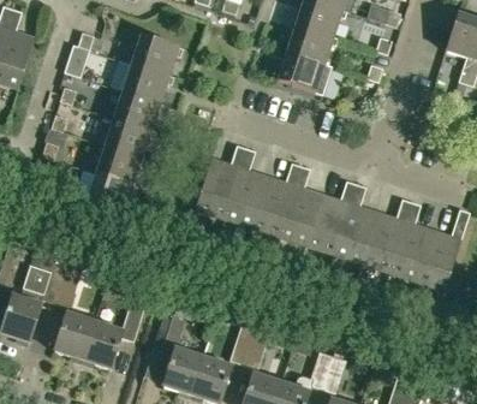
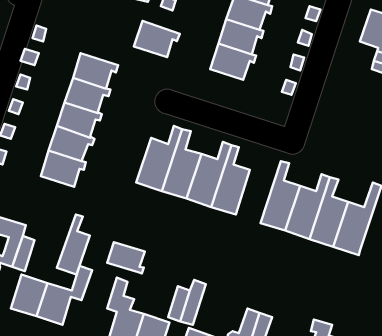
building: [131,34,183,75] -> [134,21,180,57]
building: [305,180,356,254] -> none
building: none -> [57,214,90,274]
building: none -> [107,242,145,274]

